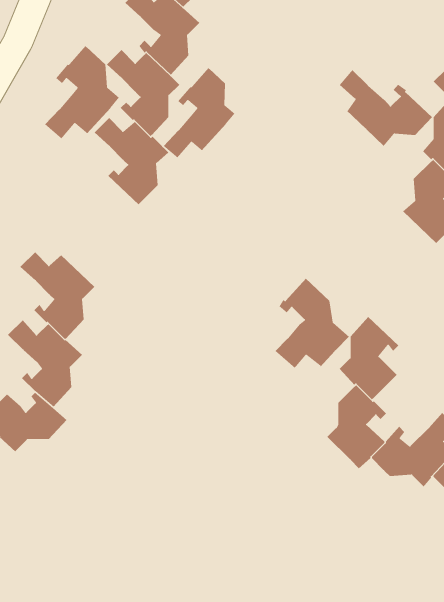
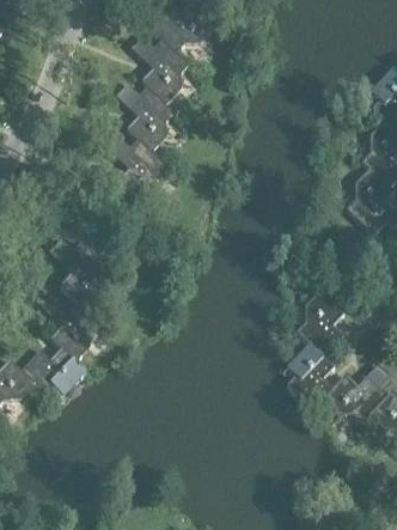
building: [44,45,120,140] -> none
building: [163,67,236,159] -> none
building: [339,69,433,147] -> none
building: [275,278,350,369] -> none

